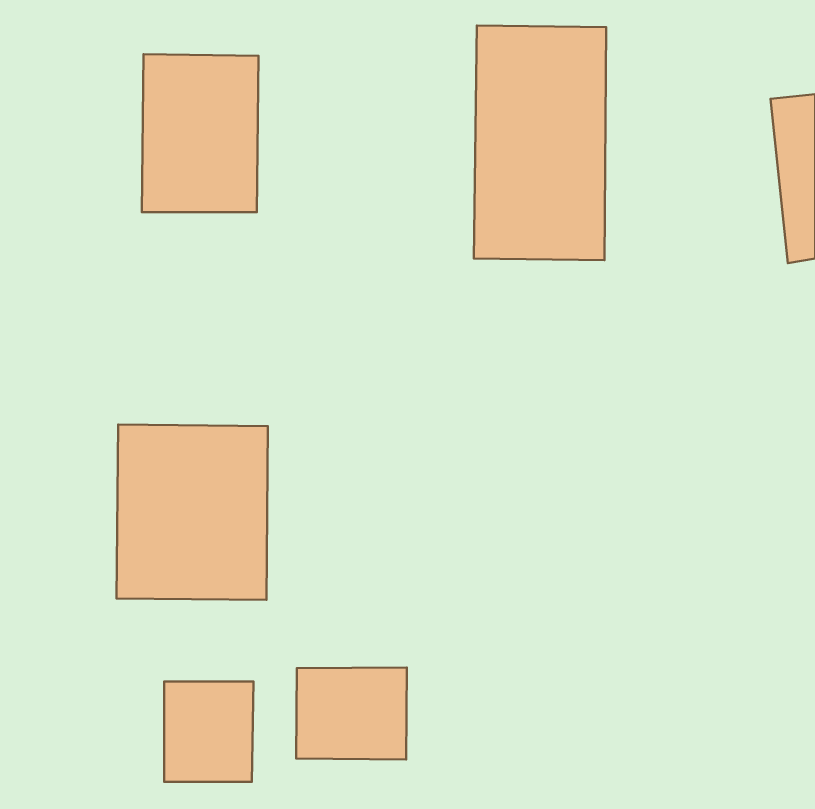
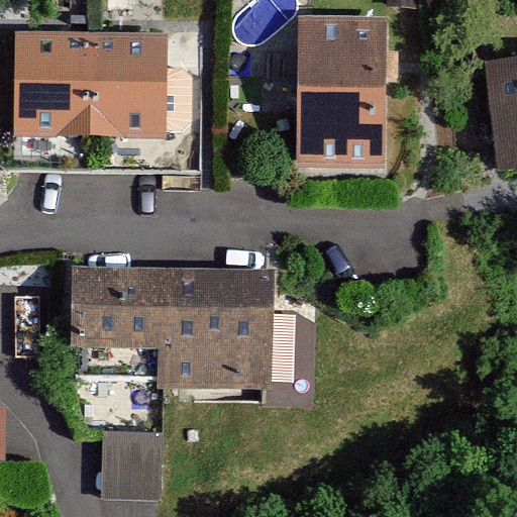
building: none -> [17,34,91,134]
building: none -> [169,270,270,381]
building: [296,668,407,760] -> none

